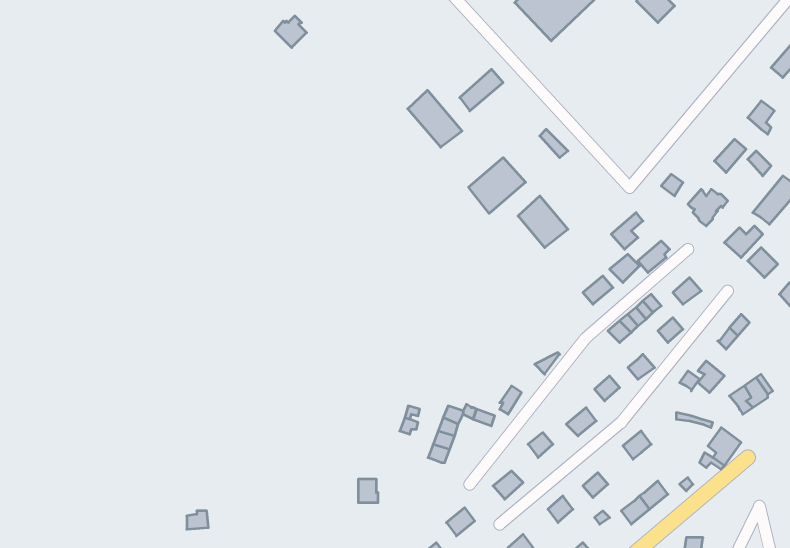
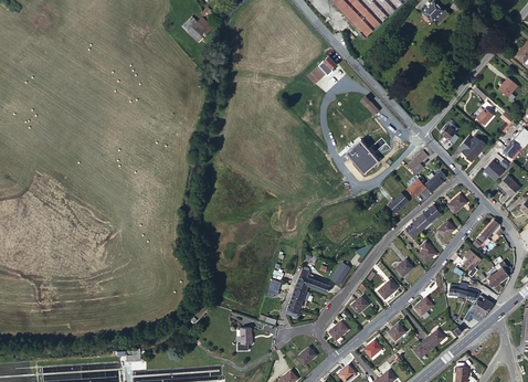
building: [408,90,462,147] -> none
building: [469,158,526,213] -> none

